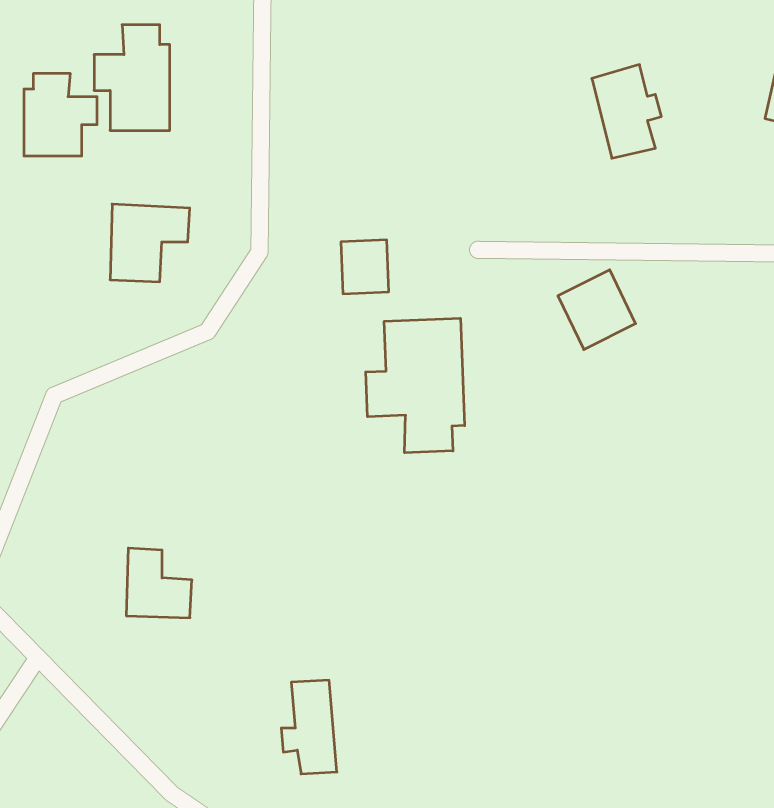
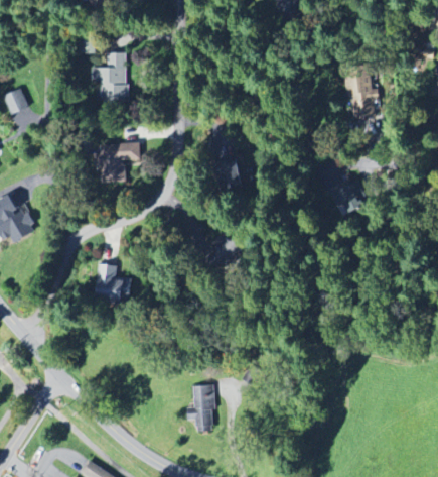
building: [24,73,97,156] -> none
building: [366,318,465,453] -> none
building: [126,548,192,618] -> [98,262,131,297]

